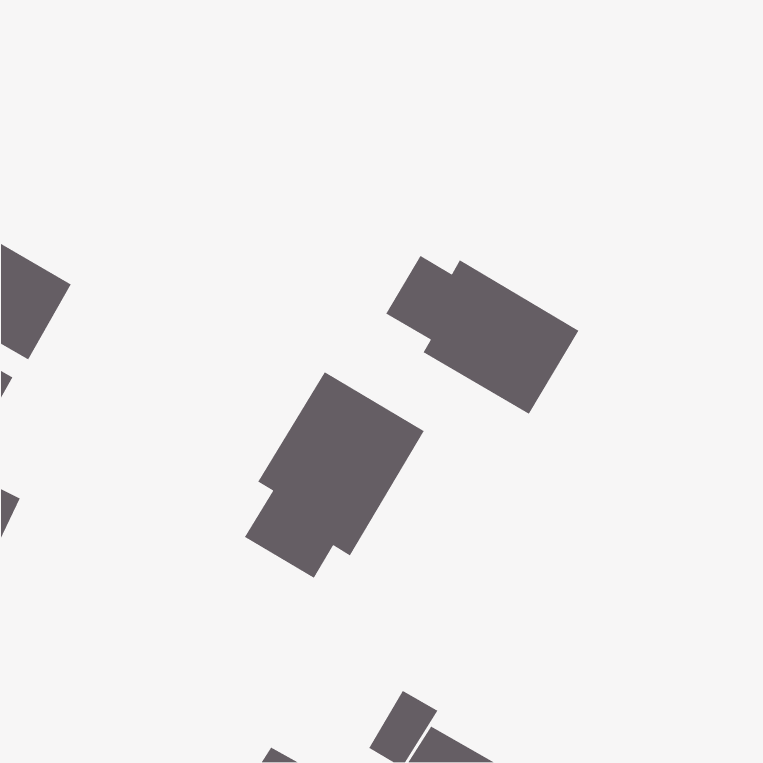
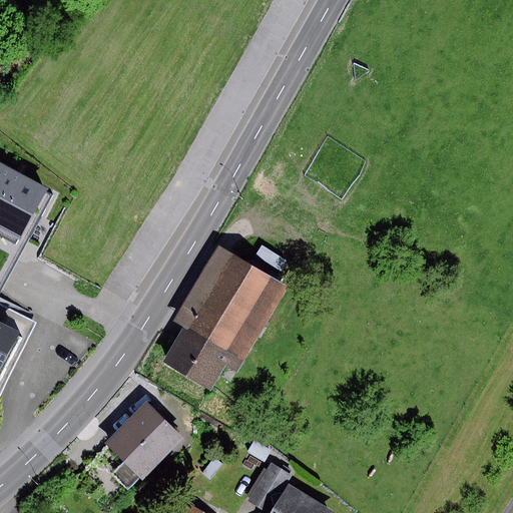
building: [385,255,579,415] -> none
building: none -> [107,404,181,490]

